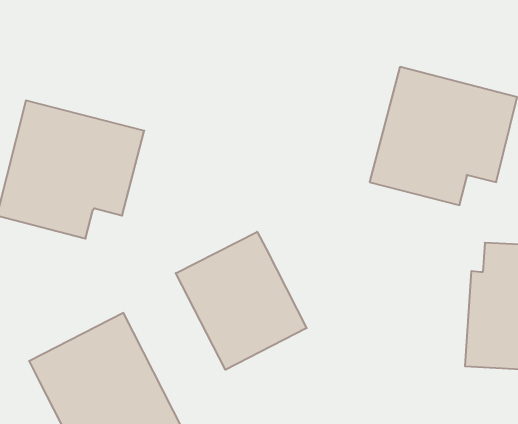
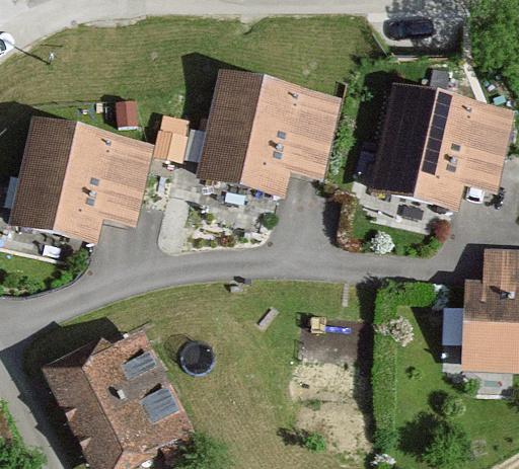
building: none -> [199,65,342,199]
building: [176,232,307,370] -> none

